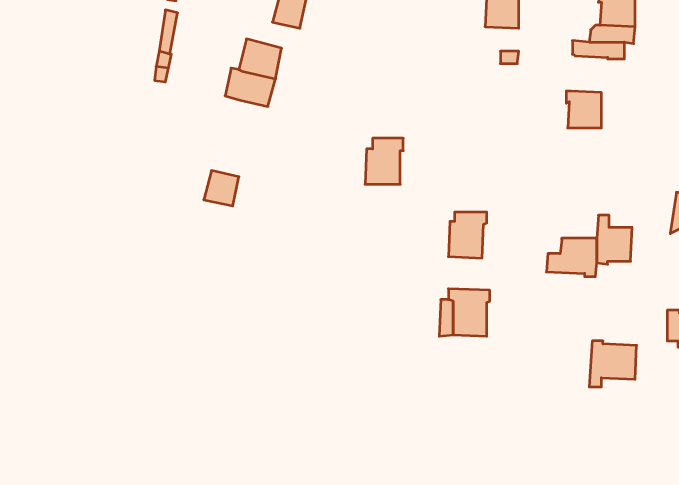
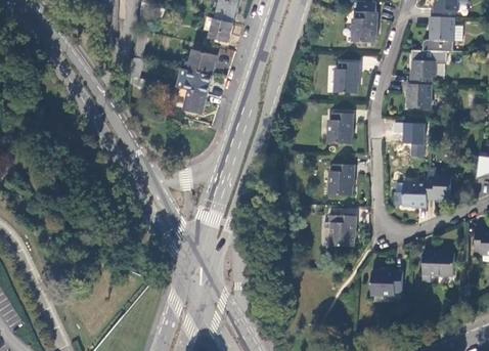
building: none -> [410,59,435,84]
building: none -> [335,60,359,91]
building: [365,138,403,184] -> [327,112,353,142]
building: none -> [392,120,426,157]
building: [204,171,239,206] -> [184,89,208,113]
building: none -> [370,270,403,294]

